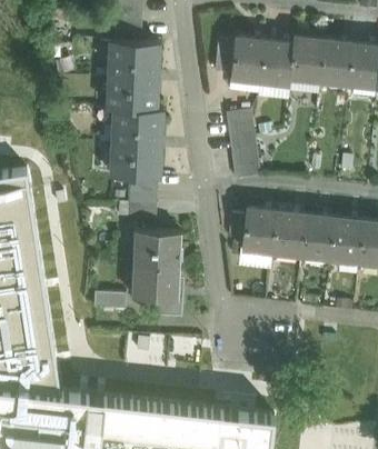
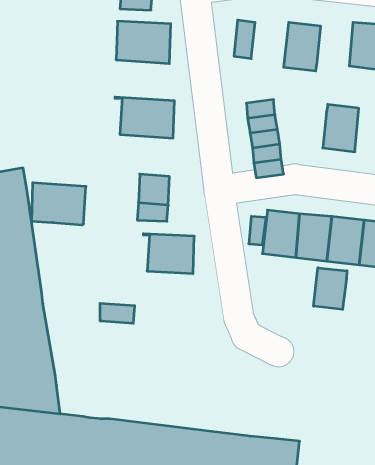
building: [231,40,265,83] -> none
building: [290,40,322,82] -> [323,104,359,152]
building: [109,77,162,113] -> none
building: [112,143,161,181] -> [31,183,86,225]
building: none -> [314,268,347,309]
building: [138,266,182,318] -> none

